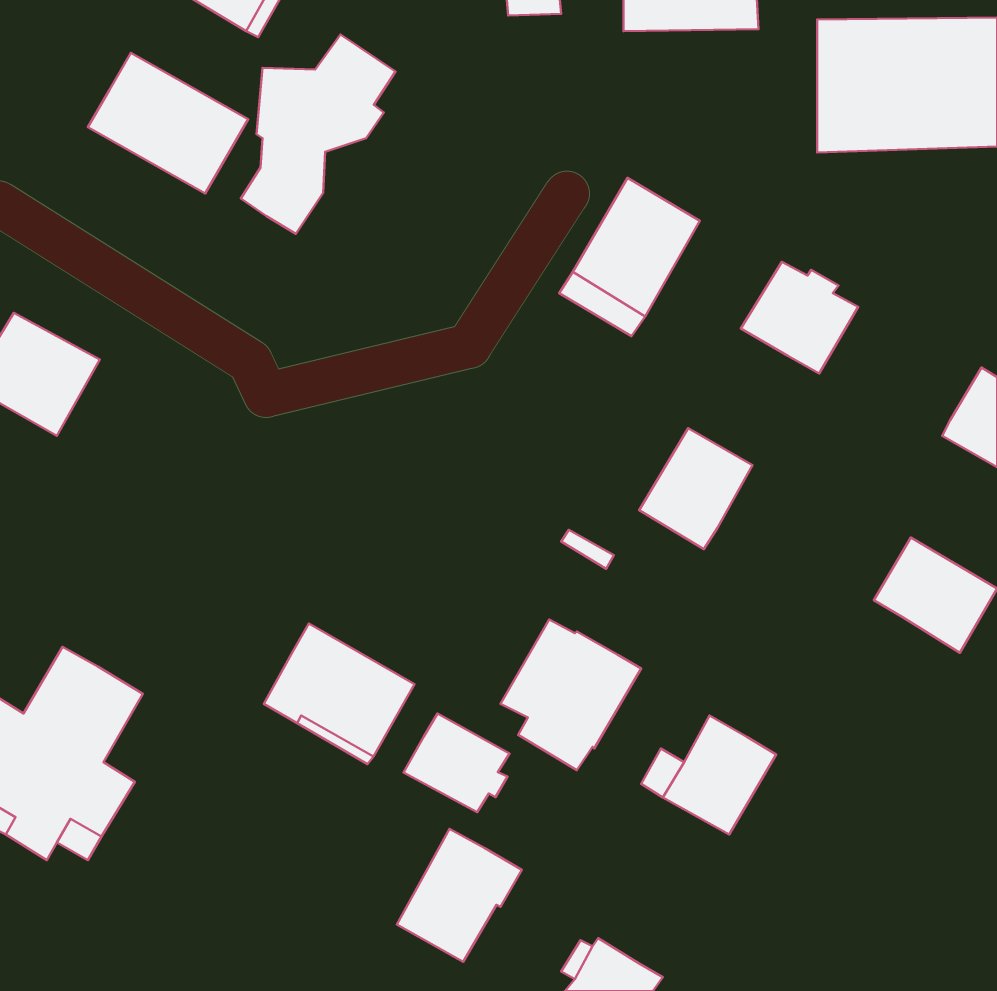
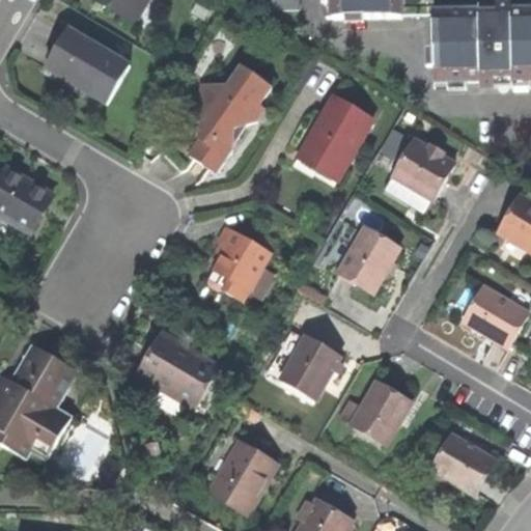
building: [241,34,395,234] -> [189,66,271,172]
building: none -> [215,226,272,302]
building: [403,713,510,812] -> none
building: none -> [421,432,495,493]

